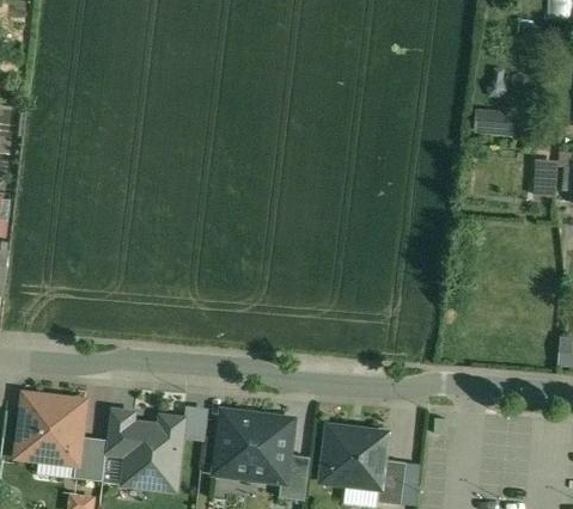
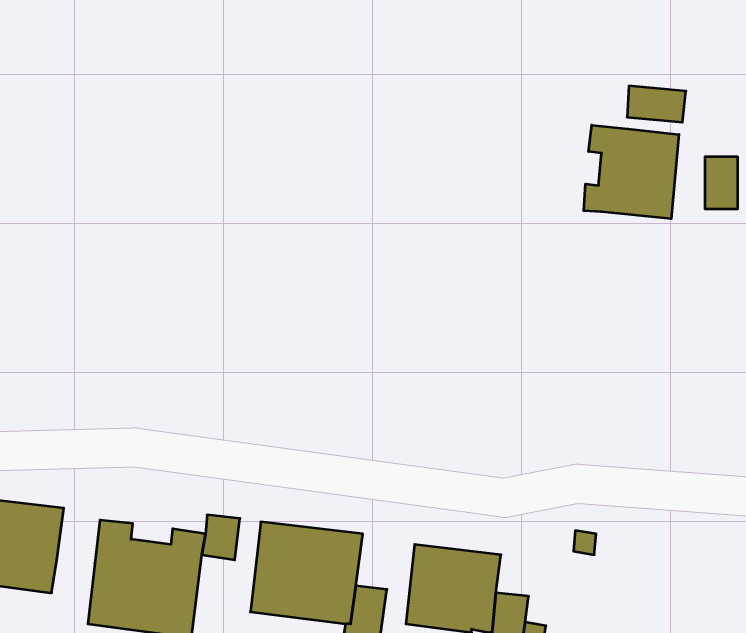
building: none -> [584,125,679,219]
building: [73,436,106,480] -> none

